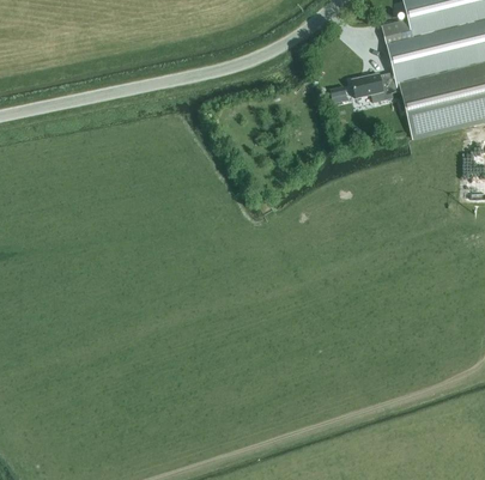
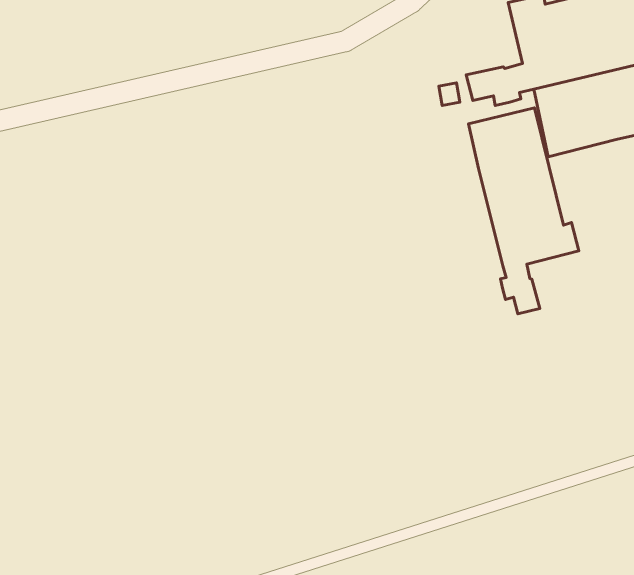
building: none -> [468,108,579,314]

